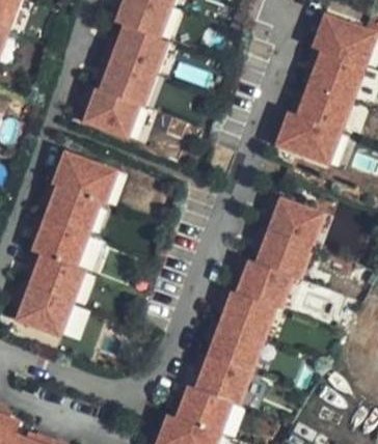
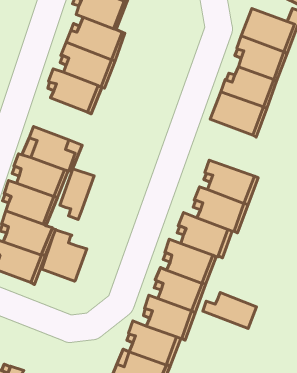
building: none -> [60,169,94,220]
building: none -> [42,230,87,281]
building: none -> [203,292,257,329]

